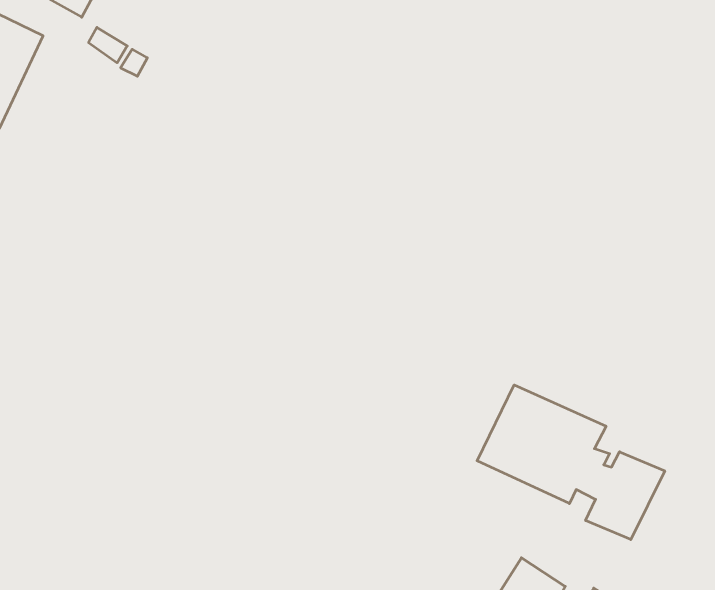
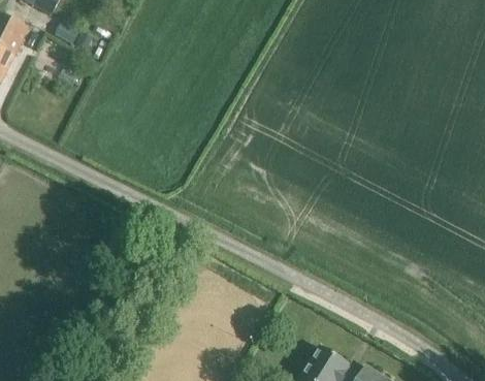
building: [477,385,665,540] -> none

